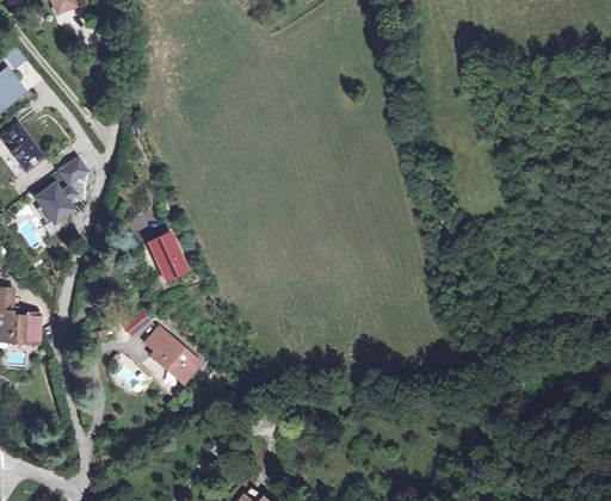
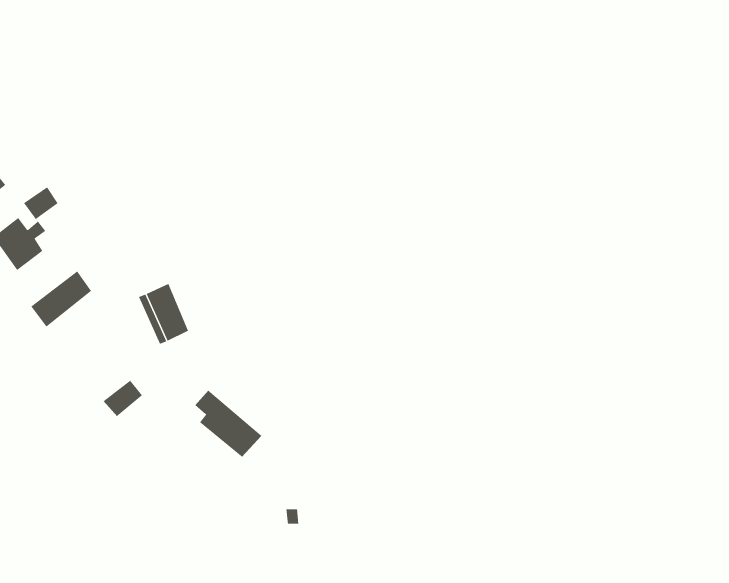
building: none -> [31,270,92,328]
building: [148,328,200,381] -> [194,390,262,457]

